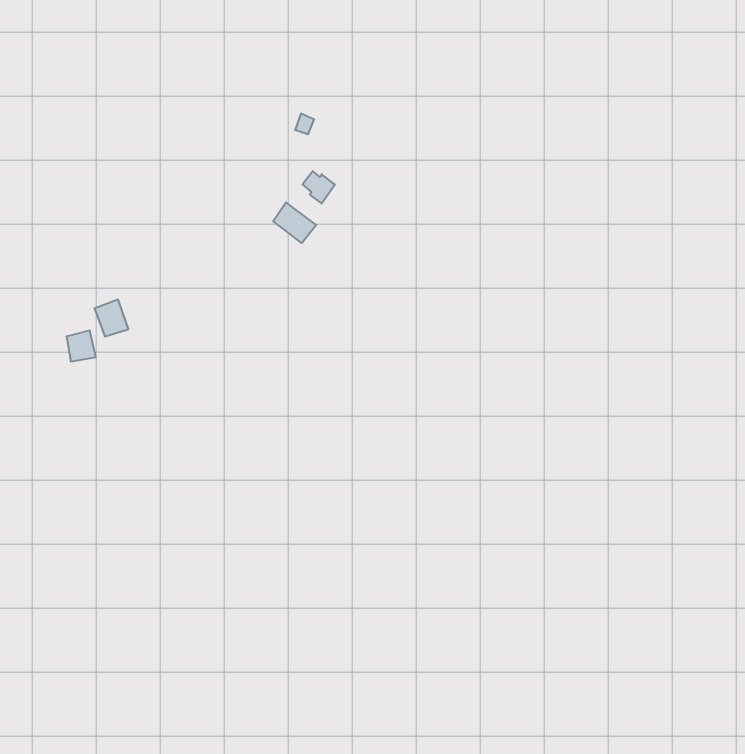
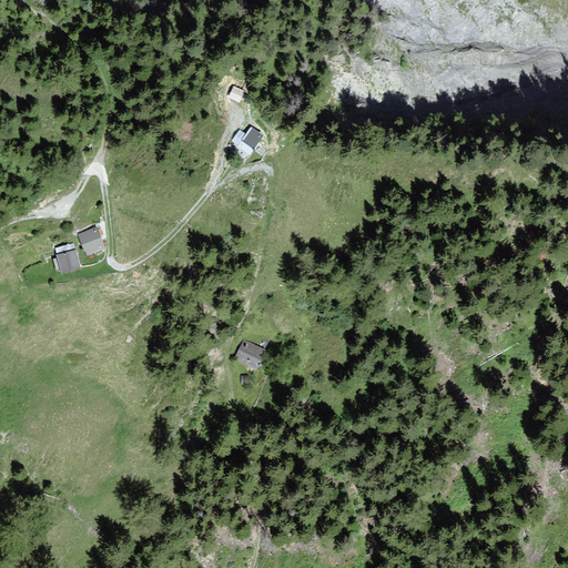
building: [273,202,316,243] -> none
building: none -> [236,339,265,368]

